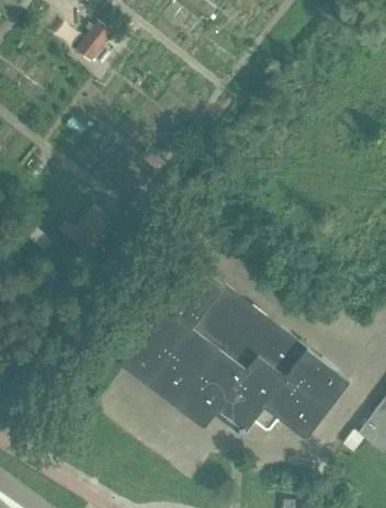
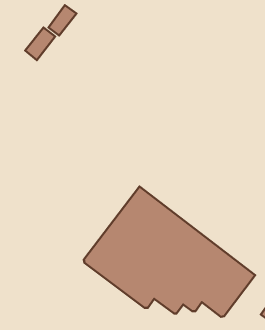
building: none -> [25,28,55,60]

